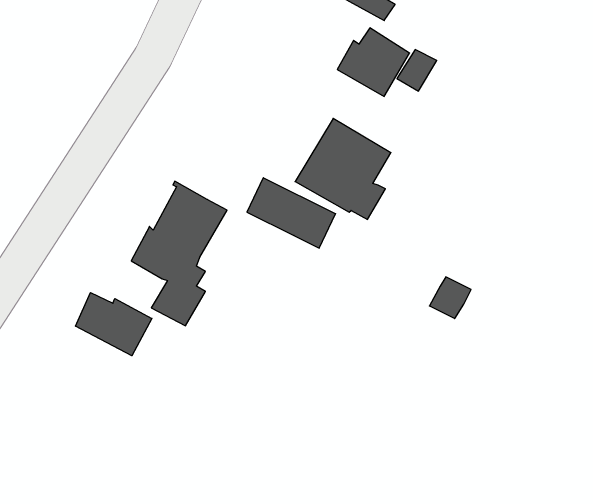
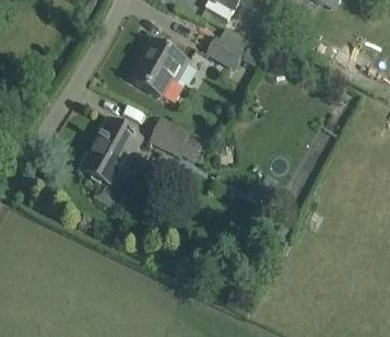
building: [295,118,391,219] -> [130,39,188,101]
building: [76,293,152,356] -> none

